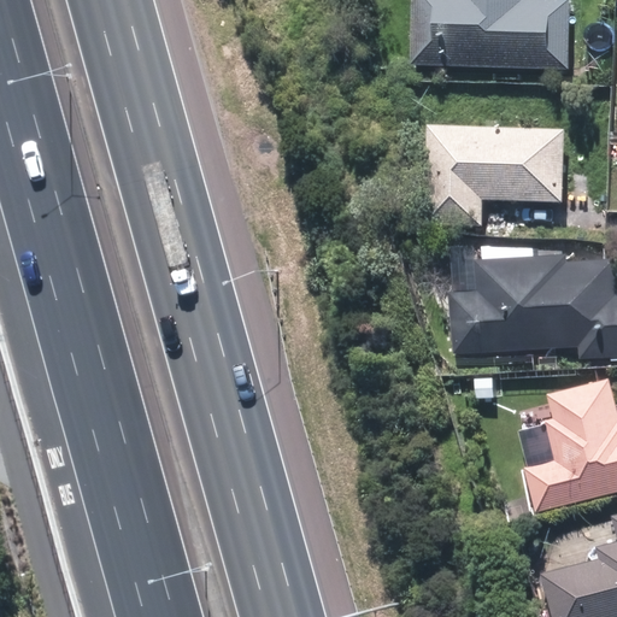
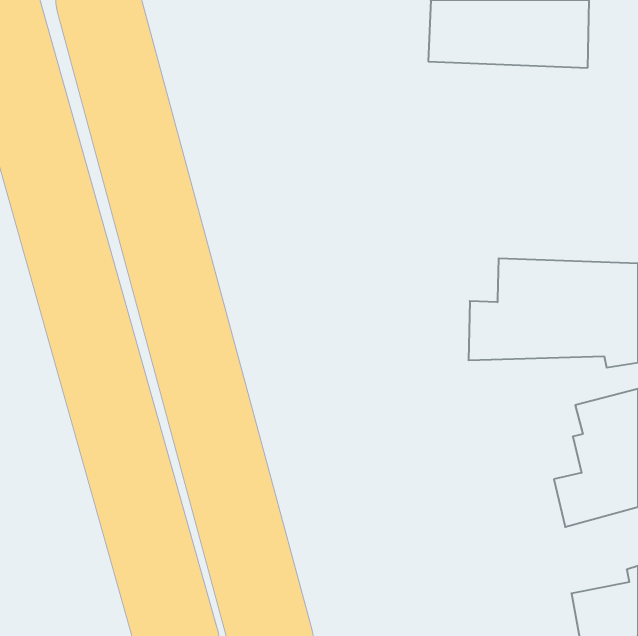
building: [428,125,569,221] -> none

